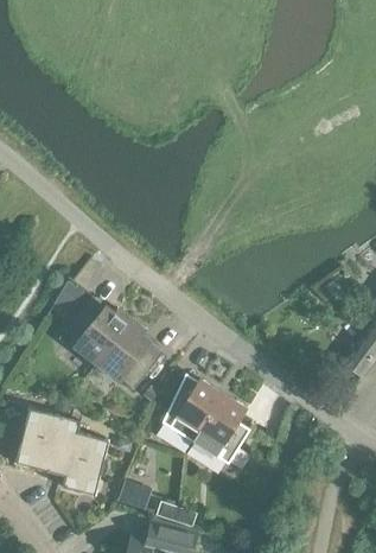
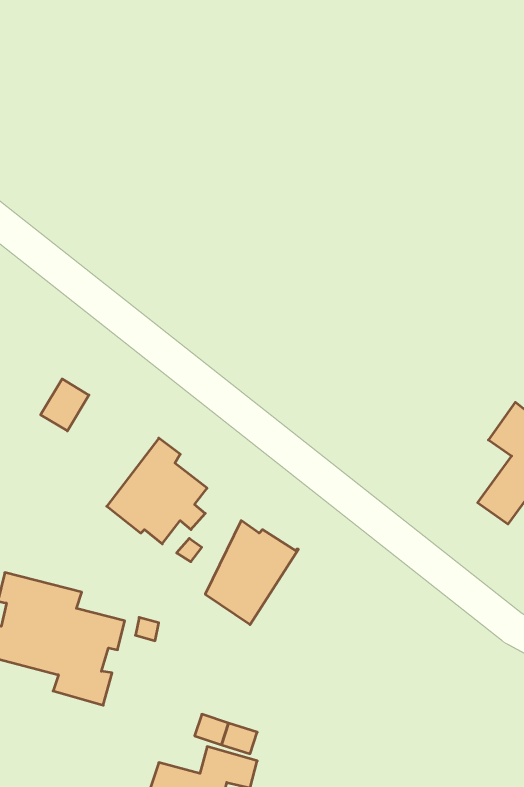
building: [63,295,130,364] -> none
building: [191,393,249,465] -> none
building: [116,479,151,511] -> none

